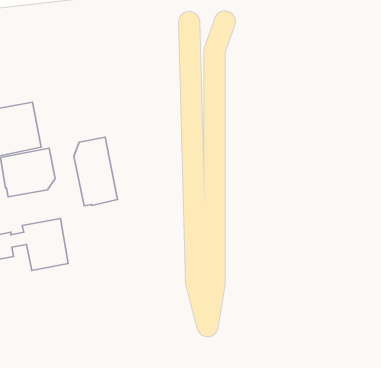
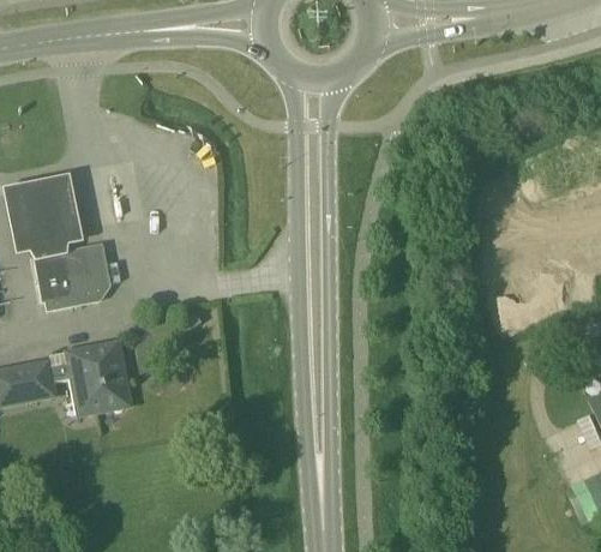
building: [74,137,117,206] -> none

